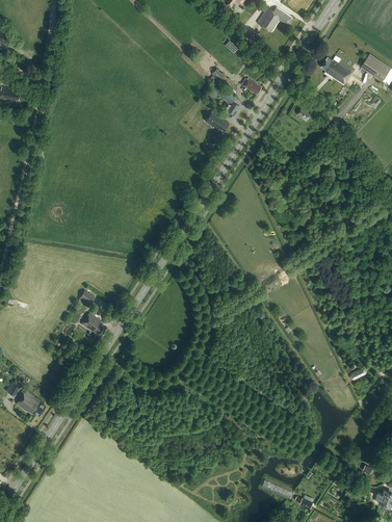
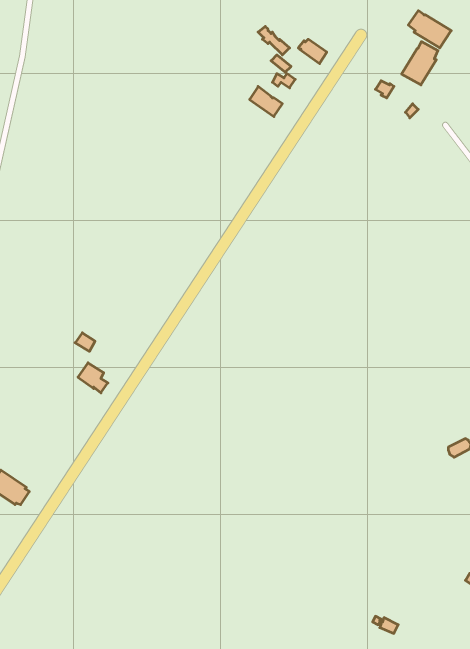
building: none -> [402,42,438,85]

